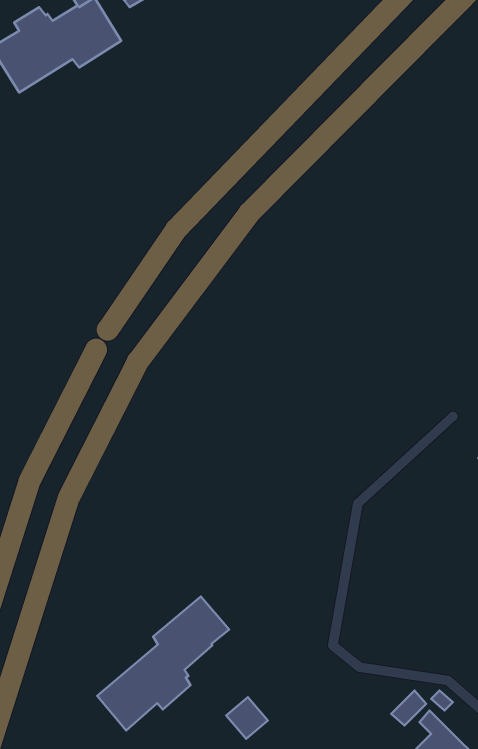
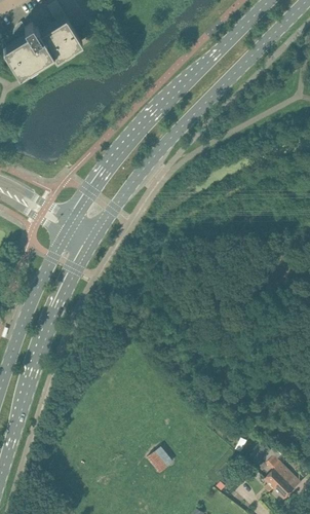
building: [97,596,229,731] -> none

